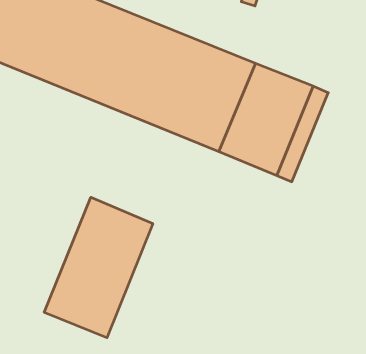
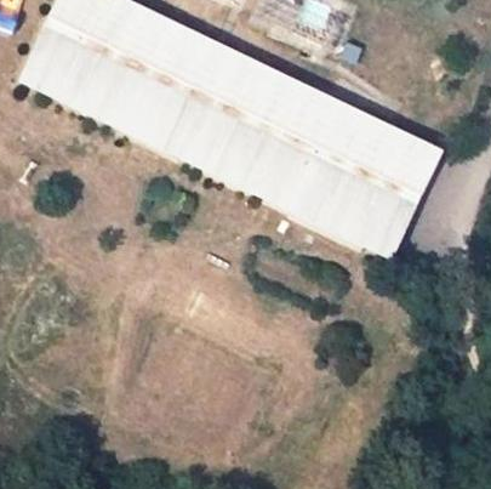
building: [44,197,153,338] -> none

